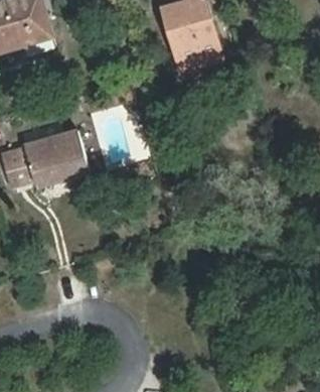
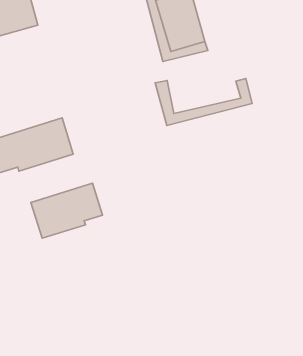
building: none -> [155,79,252,125]
building: none -> [31,183,102,238]

